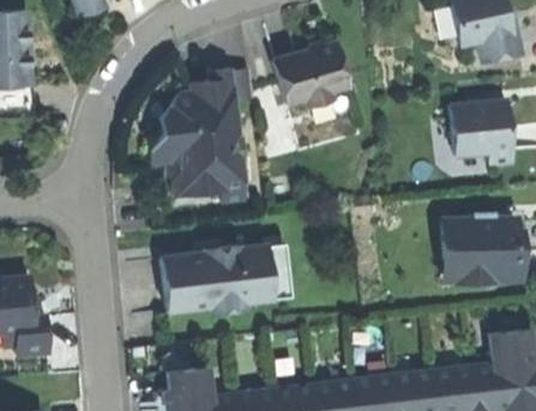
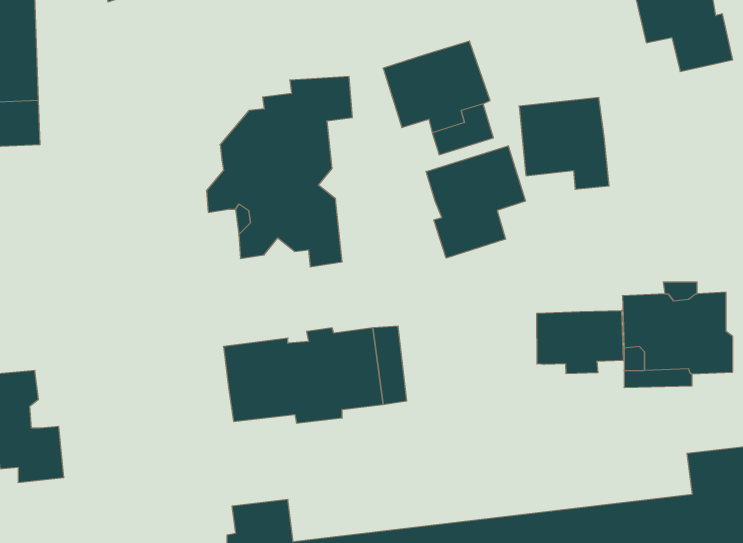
building: [450,101,513,165] -> [519,98,609,189]
building: none -> [426,146,525,258]
building: none -> [537,310,623,374]

